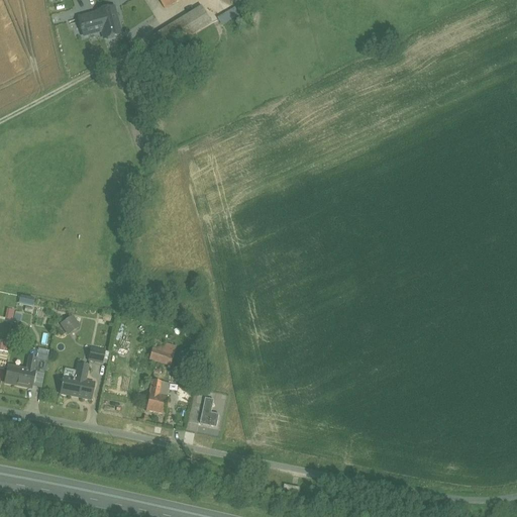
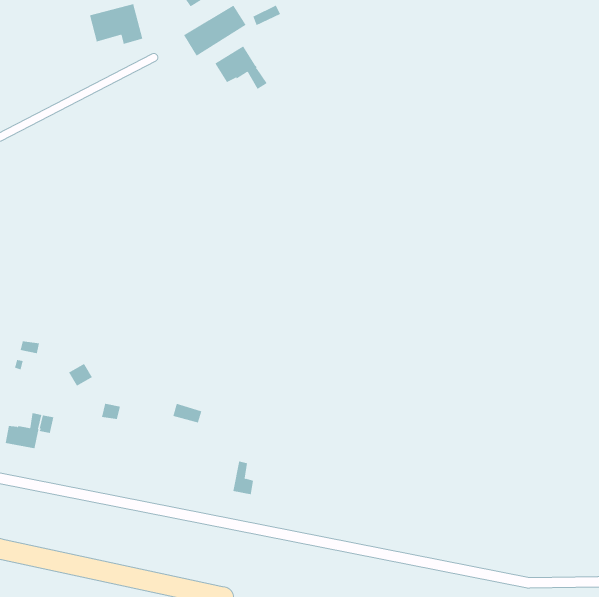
building: none -> [215,45,267,90]
building: [59,363,93,398] -> none
building: [144,378,169,413] -> none

